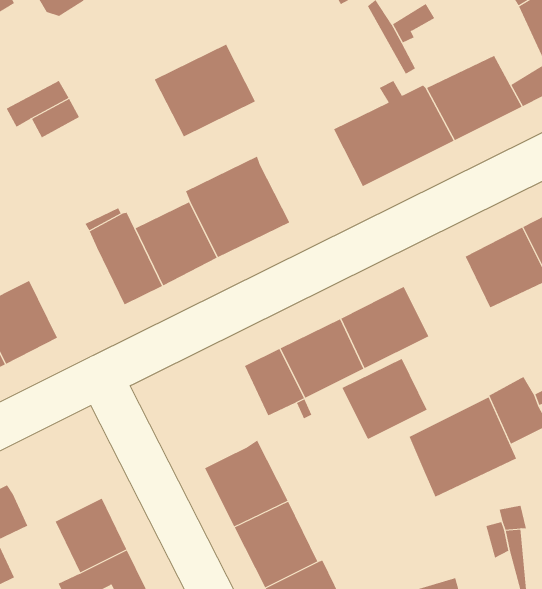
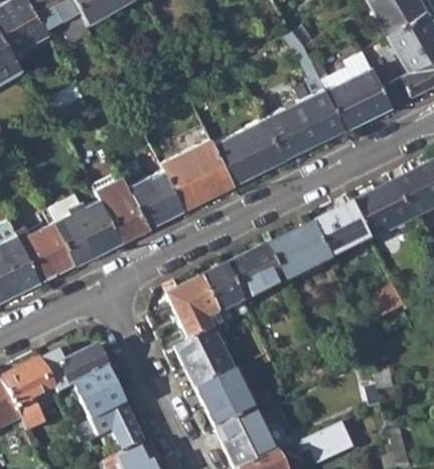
building: [154,44,256,137] -> [214,118,284,182]
building: none -> [50,194,122,260]
building: [342,358,427,440] -> [312,205,371,260]
building: none -> [168,279,225,342]
building: [409,397,517,498] -> none
building: none -> [46,347,107,392]

